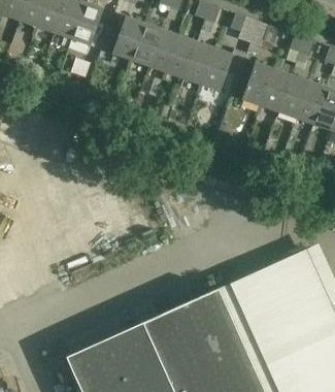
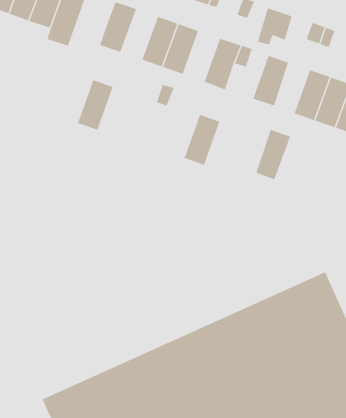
building: [133,24,164,67] -> [77,79,114,131]
building: [186,42,216,86] -> [184,114,220,165]
building: [263,69,293,112] -> [255,129,291,180]

